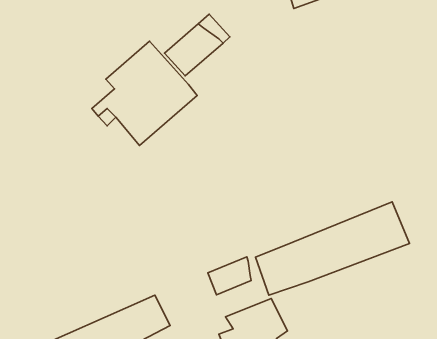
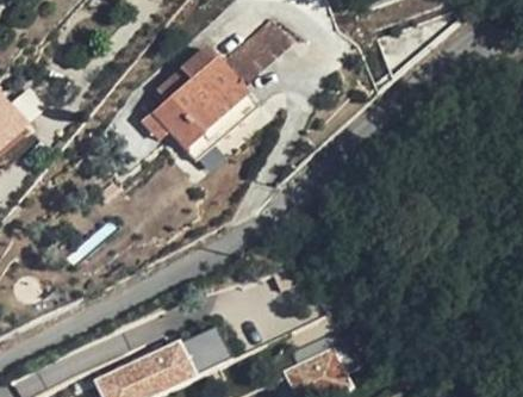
building: [256,202,409,295] -> none
building: [208,257,251,295] -> none

